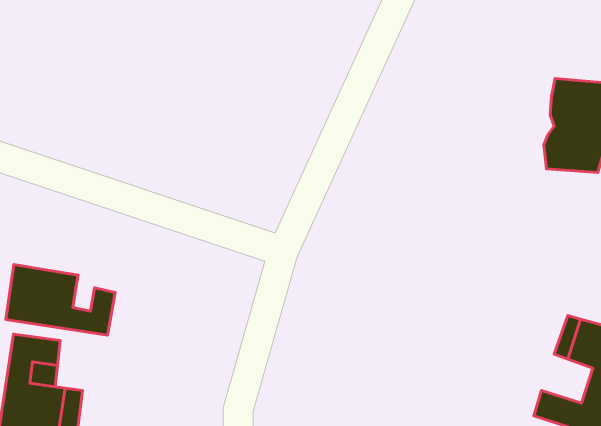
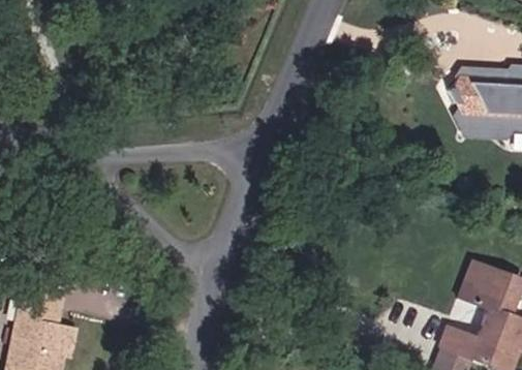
building: [6,264,115,335] -> none

